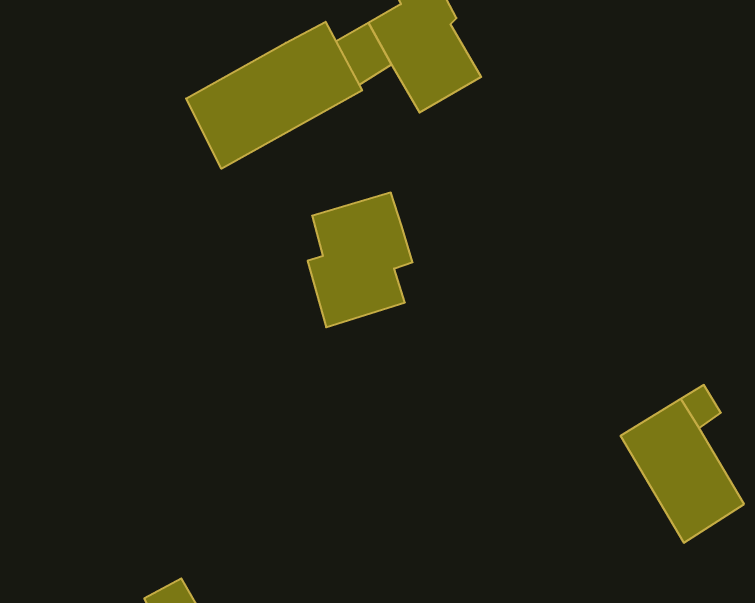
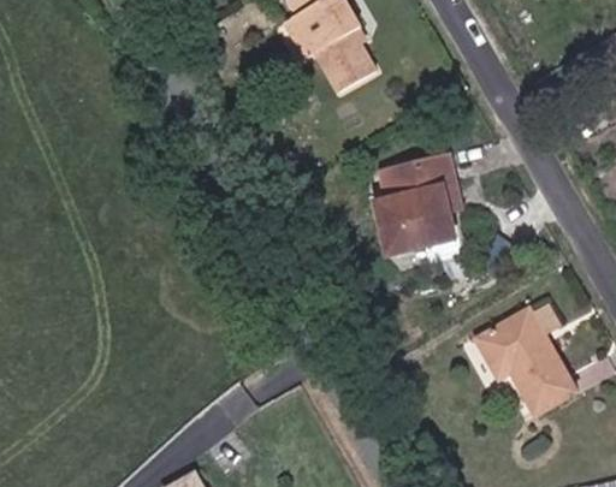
building: [186,22,362,169] -> none
building: [308,193,413,327] -> [379,154,461,259]

